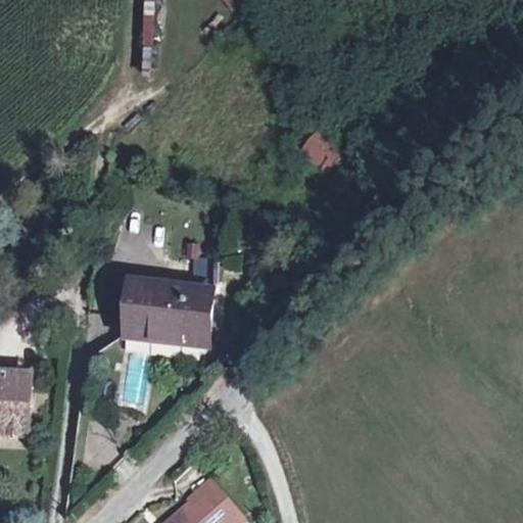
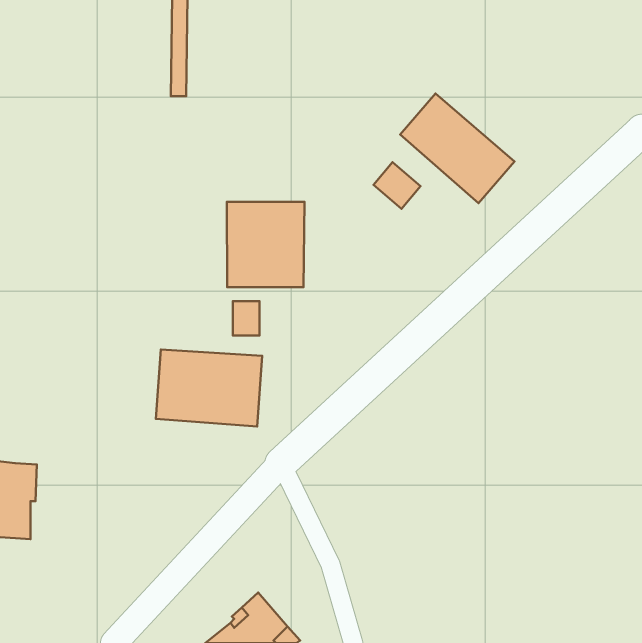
building: none -> [400,93,515,203]
building: none -> [227,202,304,287]

